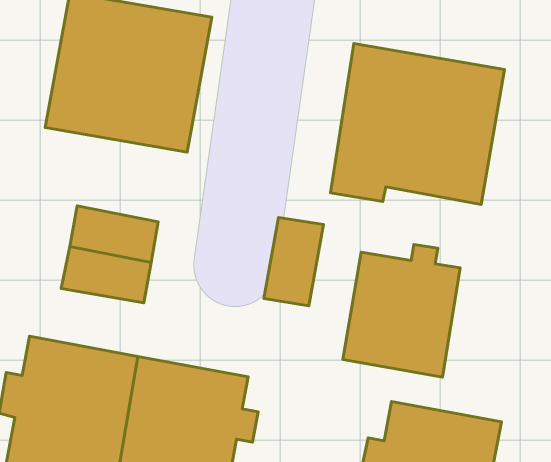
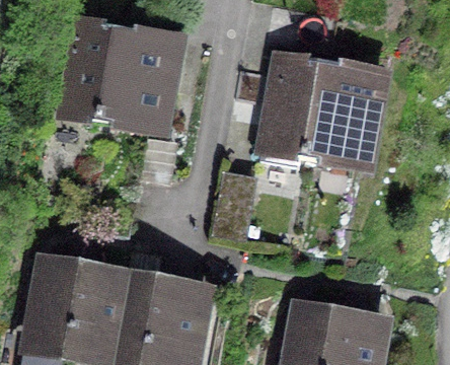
building: [343,245,460,377] -> none

